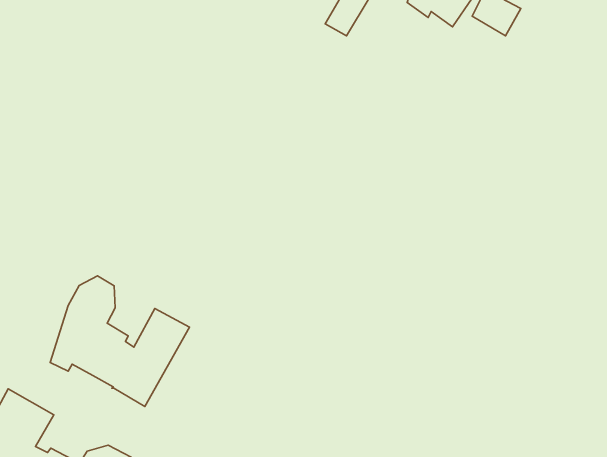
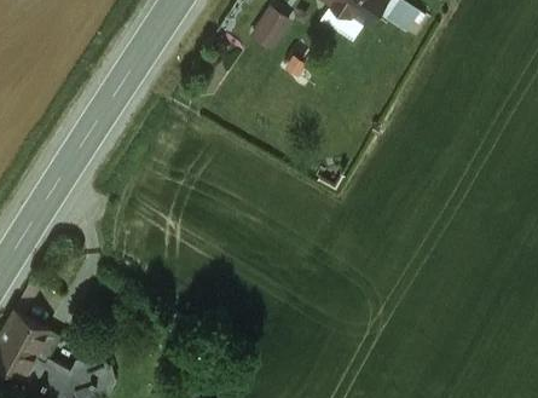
building: [50,276,190,407] -> none

